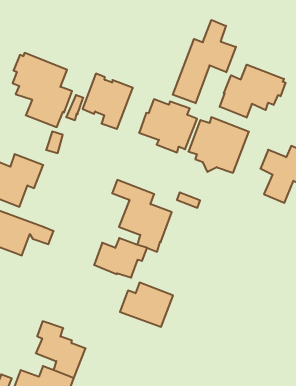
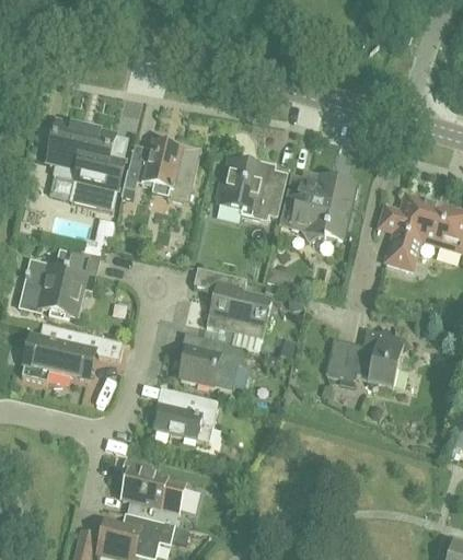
building: [173,20,236,103] -> none
building: [220,65,286,118] -> none
building: none -> [339,327,410,389]
building: [120,283,173,327] -> [153,389,218,442]

